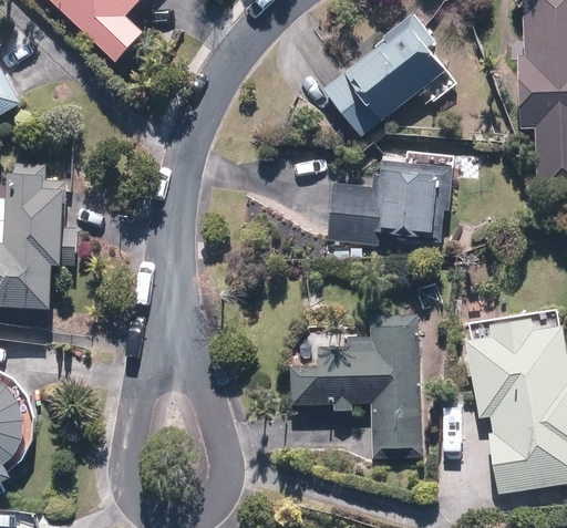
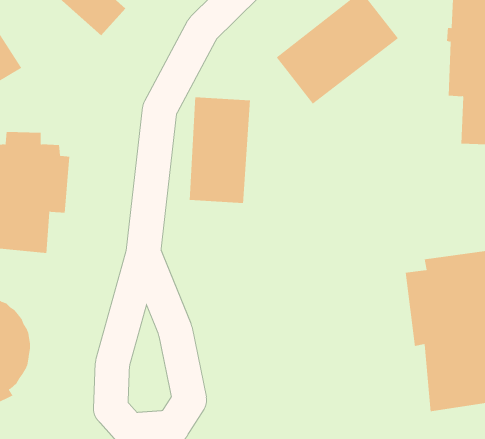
building: none -> [189,96,251,204]
building: [327,148,460,248] -> none
building: [288,311,425,467] -> none

